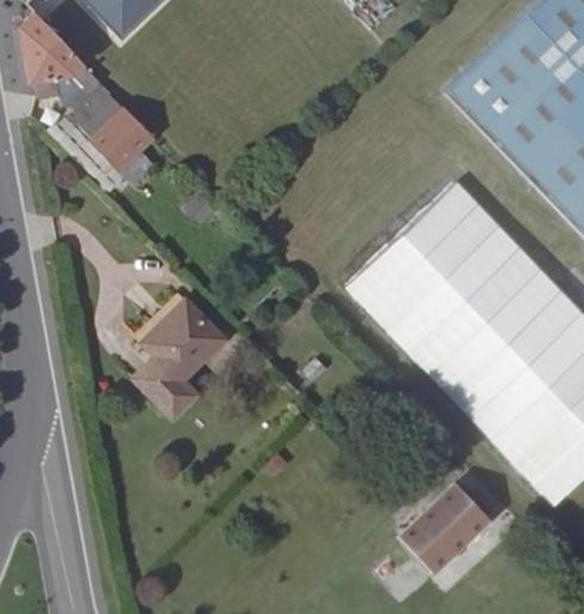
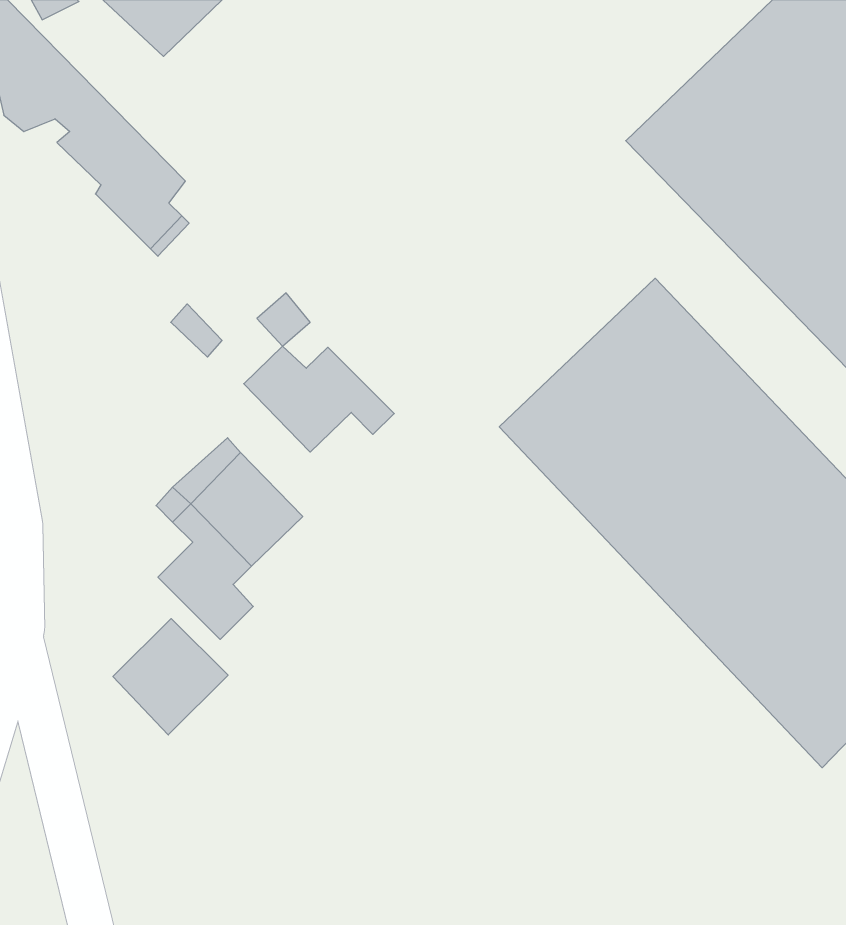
building: none -> [244,346,394,452]
building: none -> [113,619,228,735]
building: [408,483,502,577] -> none

